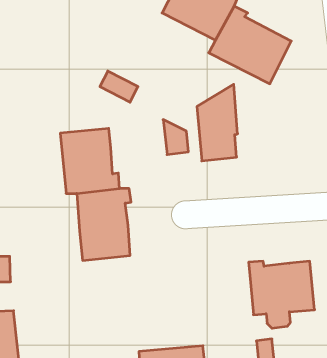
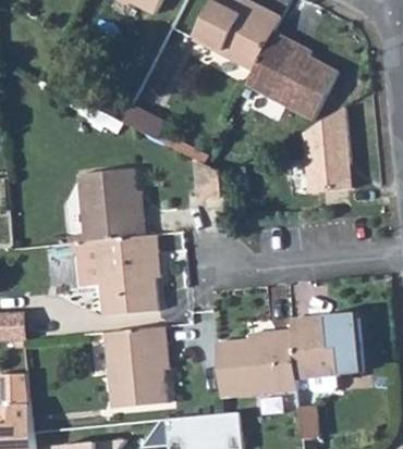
building: [197,84,238,161] -> [304,107,350,192]
building: none -> [72,241,100,286]
building: none -> [105,326,167,408]
building: none -> [216,329,297,397]

